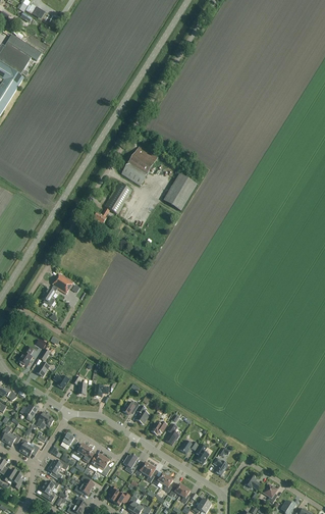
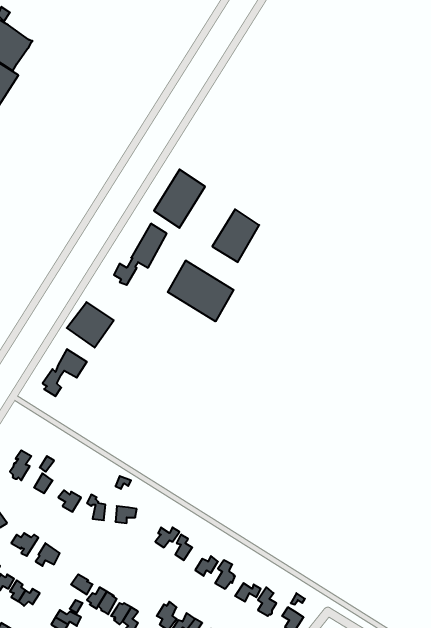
building: none -> [168,260,234,321]
building: none -> [67,302,114,348]

